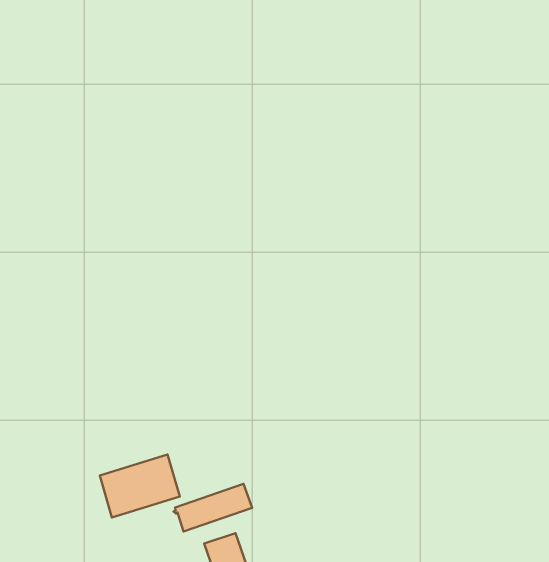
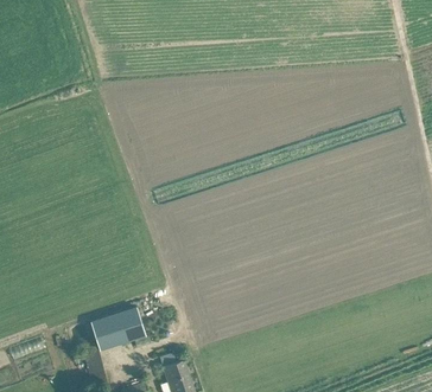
building: [174,484,252,531] -> none

